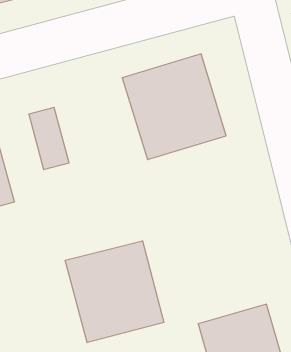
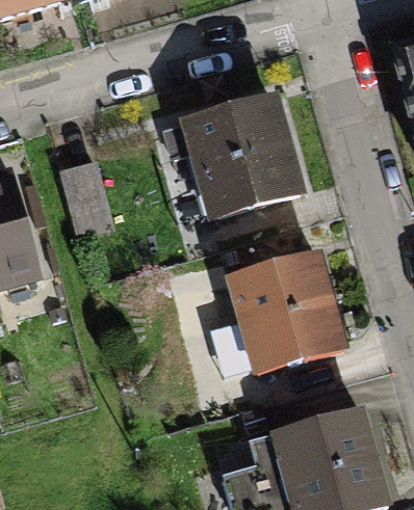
building: none -> [230,253,345,372]
building: [65,241,164,343] -> none

